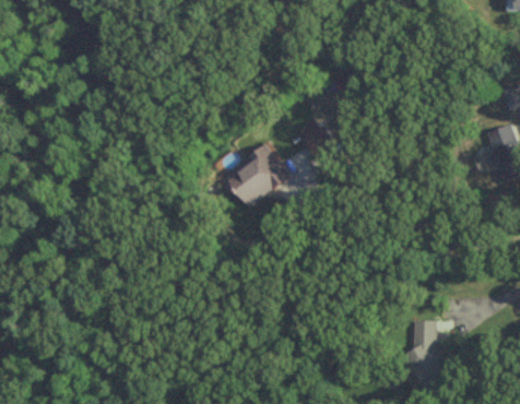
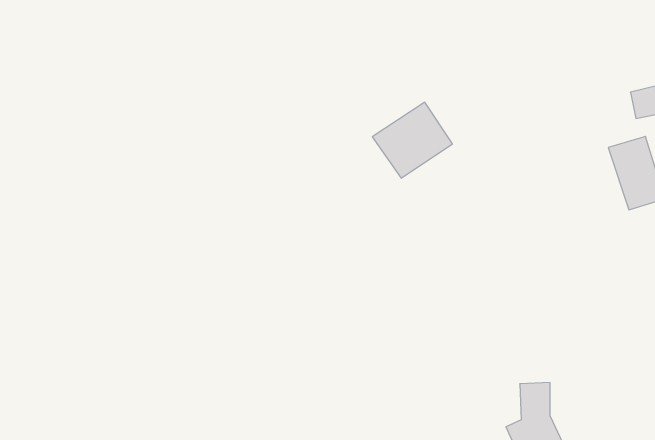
building: [224,144,287,204] -> [372,102,452,178]

